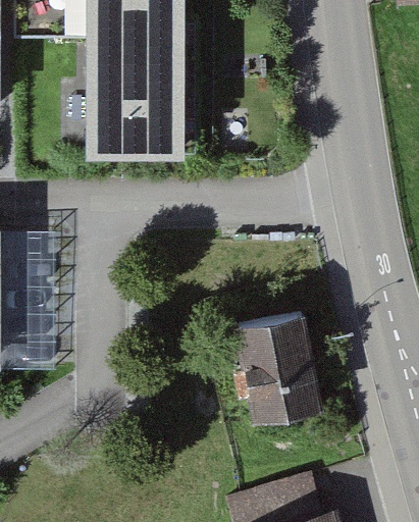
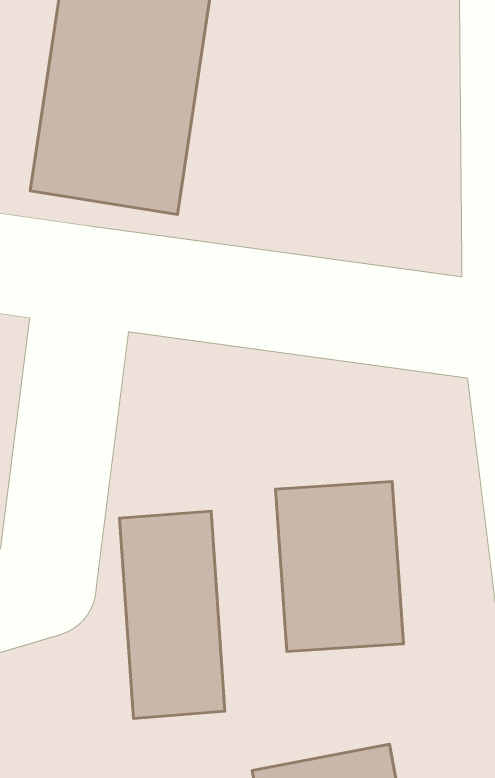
building: none -> [120,511,225,718]

